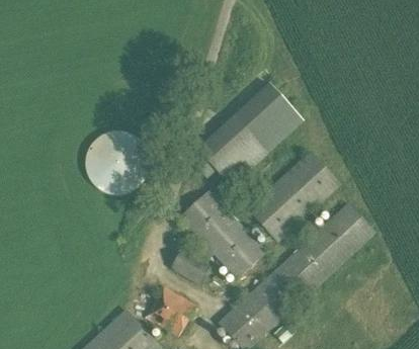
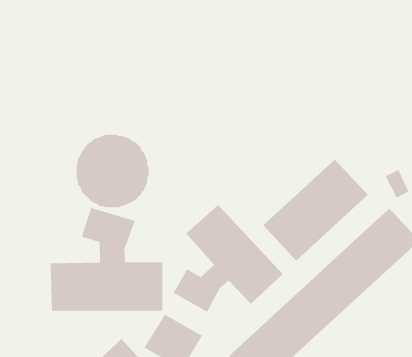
building: [192,81,304,184] -> none
building: none -> [50,207,163,312]

